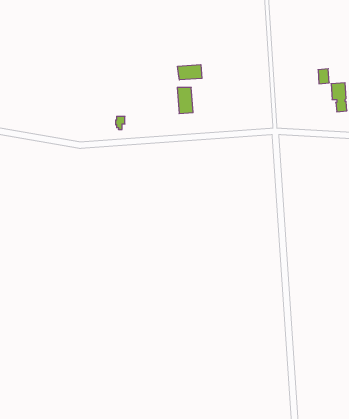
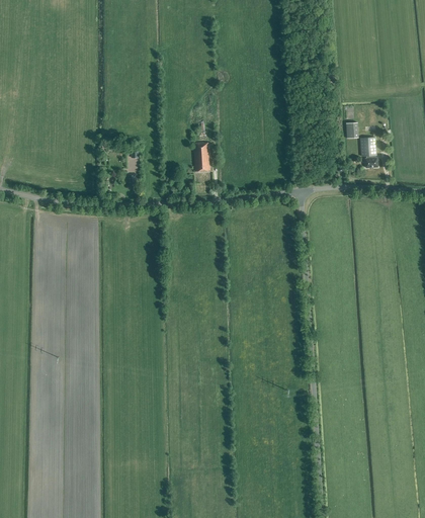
building: [178,65,202,80] -> none

